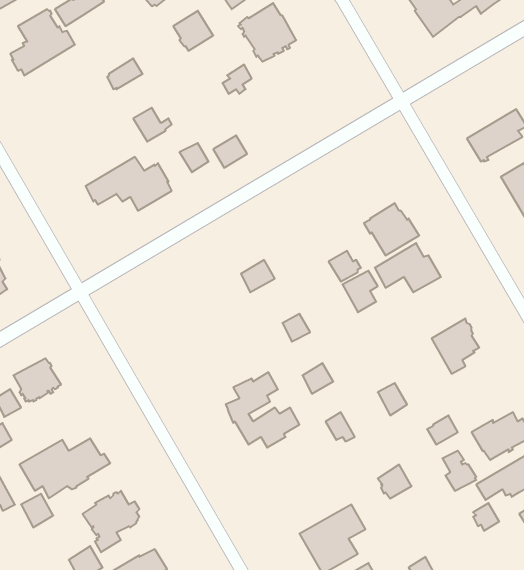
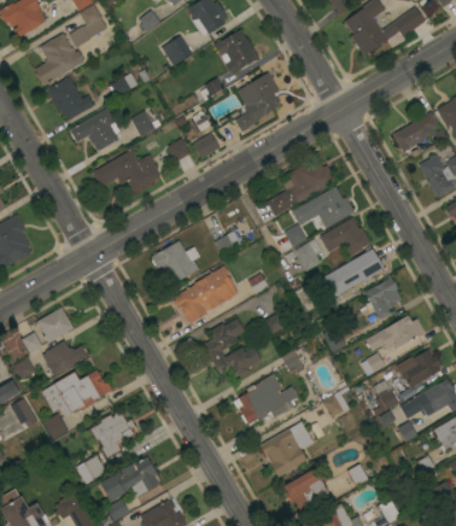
building: none -> [234,72,280,132]
building: none -> [47,77,94,121]
building: none -> [70,109,121,151]
building: none -> [267,162,335,216]
building: none -> [151,241,200,285]
building: none -> [323,251,380,297]
building: none -> [174,265,238,323]
building: none -> [375,315,425,353]
building: none -> [42,340,88,375]
building: none -> [233,374,298,426]

